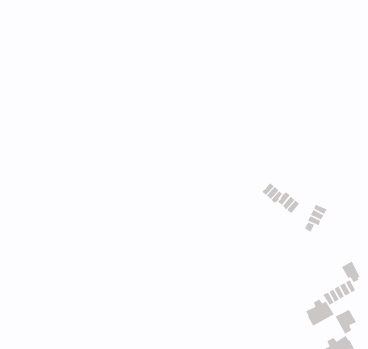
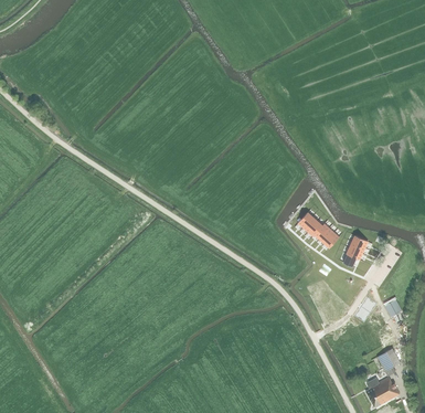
building: [305,299,335,327] -> none

